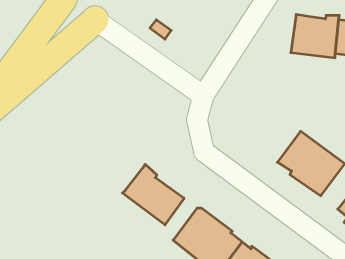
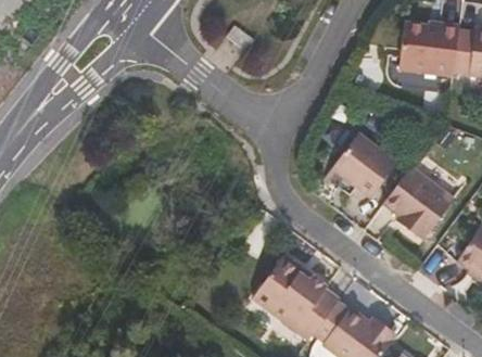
building: none -> [331,135,395,197]
building: [122,164,184,225] -> none

